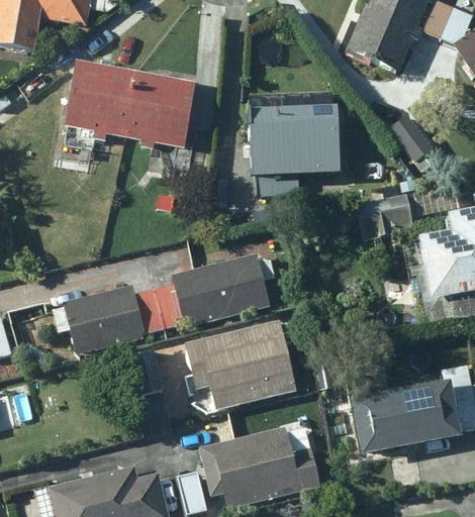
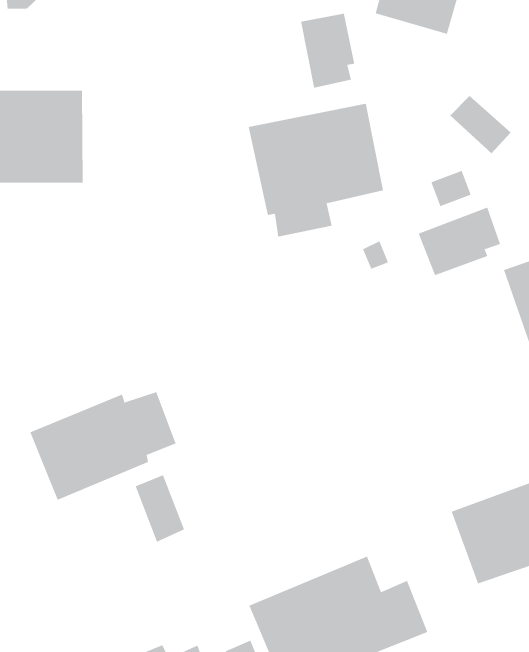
building: none -> [300,13,355,89]
building: [128,72,193,145] -> none
building: [158,253,275,326] -> none
building: [186,321,296,411] -> none

